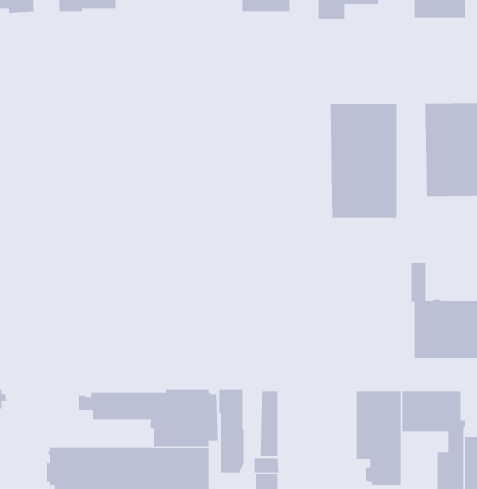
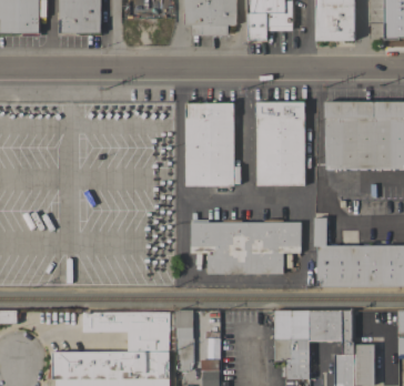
building: none -> [185,103,234,185]
building: none -> [191,220,301,273]

